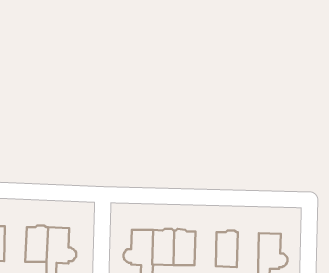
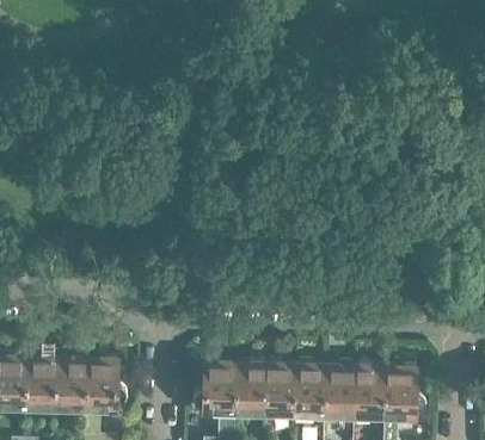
building: none -> [25,358,57,410]
building: none -> [294,365,325,416]
building: none -> [354,366,385,417]

